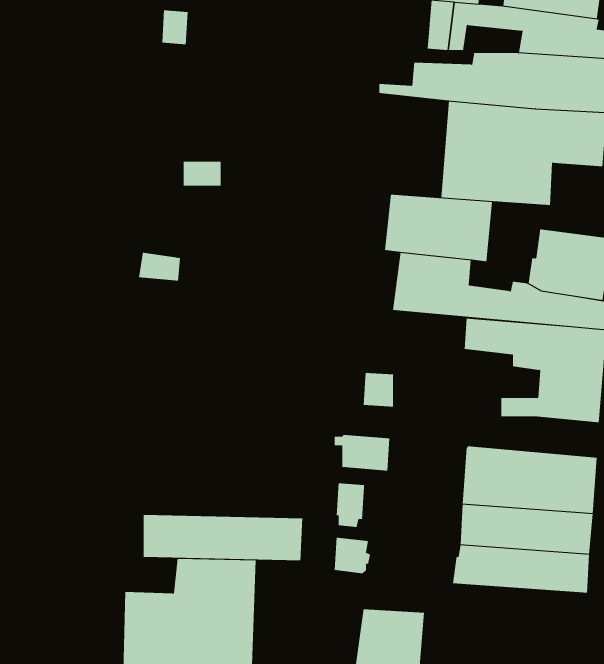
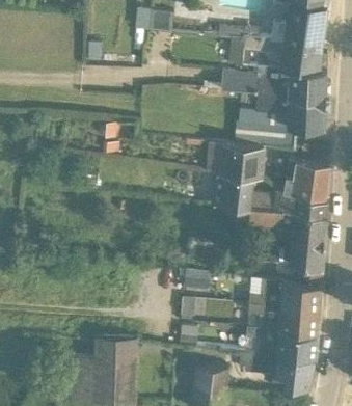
building: [143,514,303,561] -> none
building: none -> [241,351,317,384]

